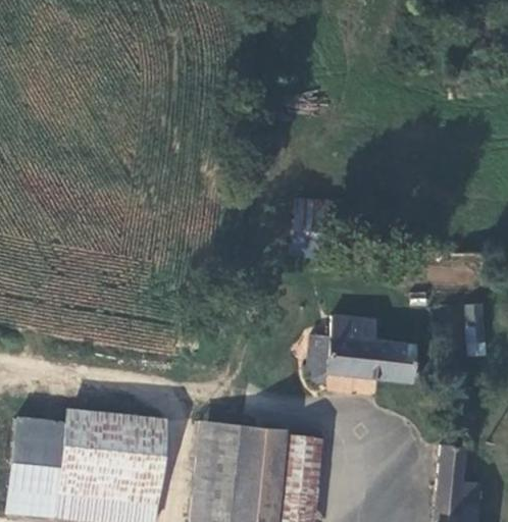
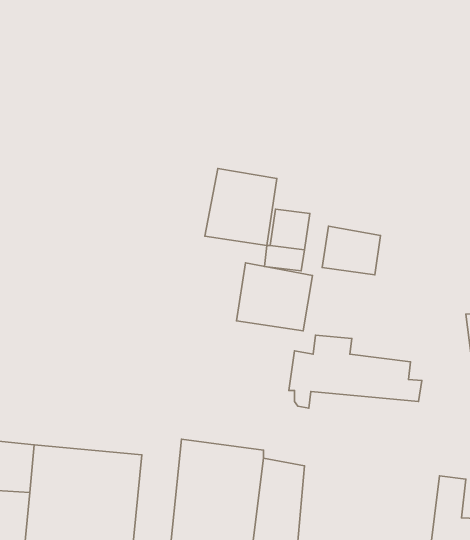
building: none -> [205,168,277,246]
building: none -> [322,226,381,275]
building: none -> [237,263,313,331]

